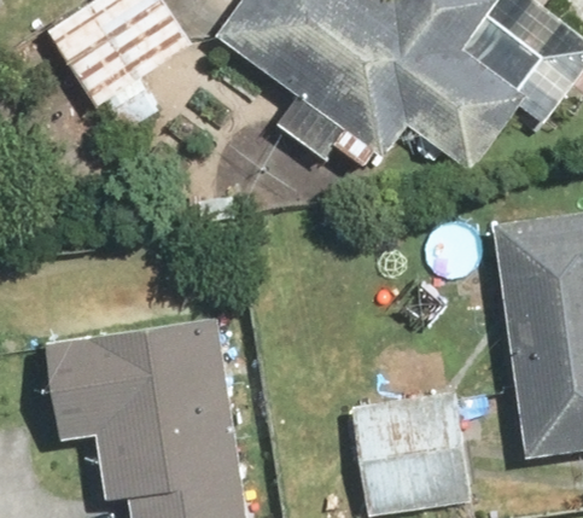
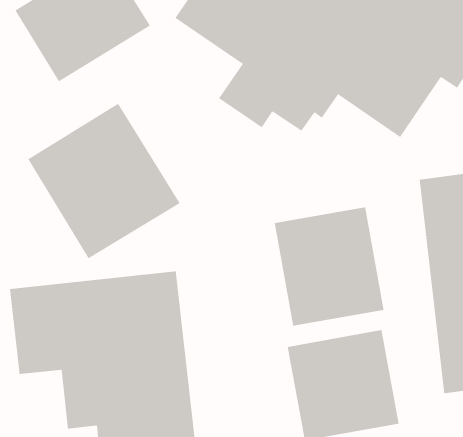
building: none -> [27,103,180,259]
building: none -> [274,206,384,327]

